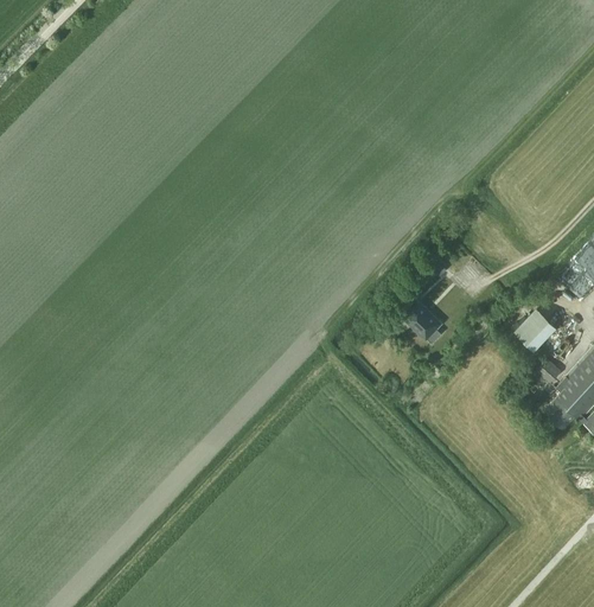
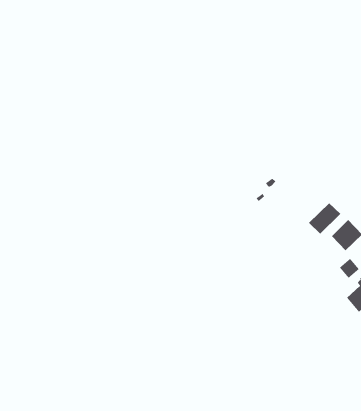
building: none -> [308,202,341,234]
building: [405,302,443,344] -> none

